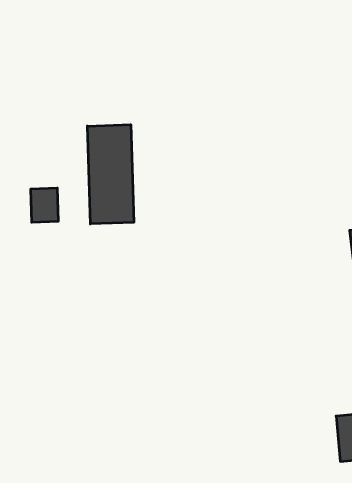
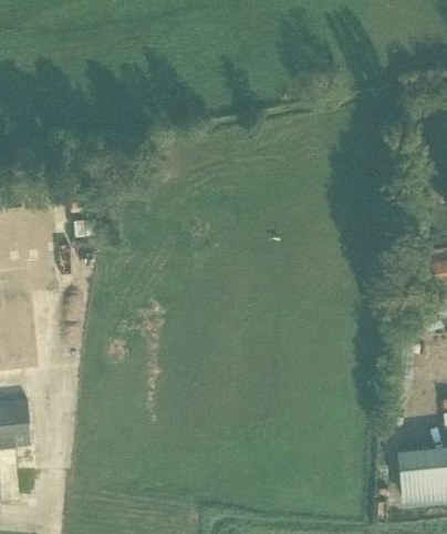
building: [87,125,134,224] -> none

